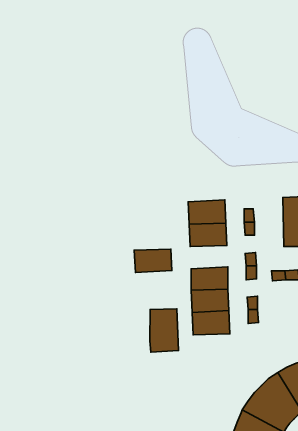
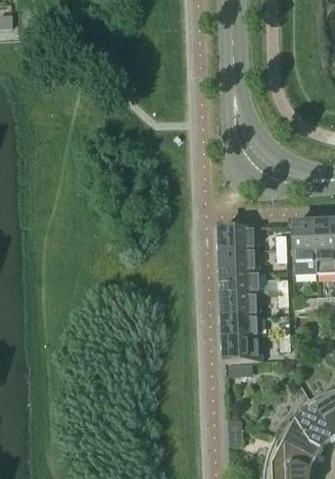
building: none -> [293,223,318,273]
building: [134,249,172,272] -> [224,271,261,294]
building: [150,309,179,352] -> none

